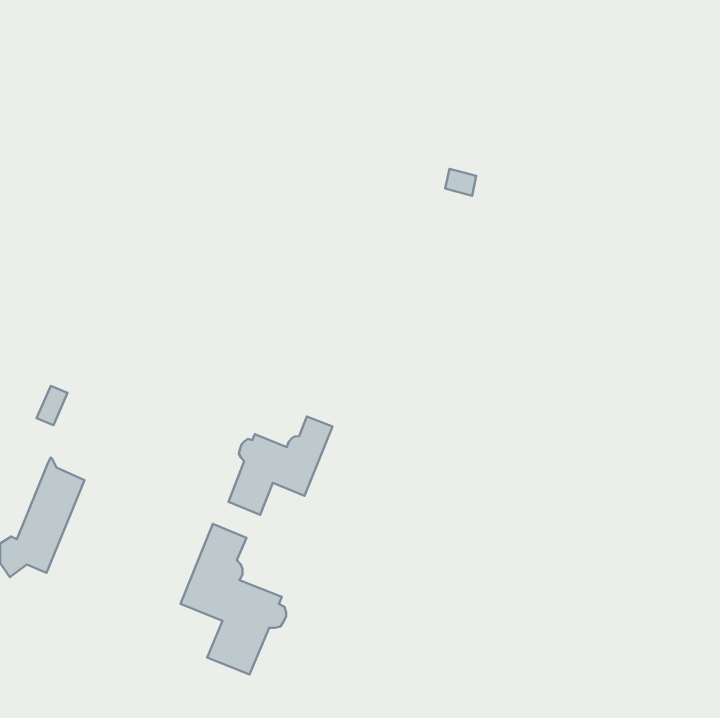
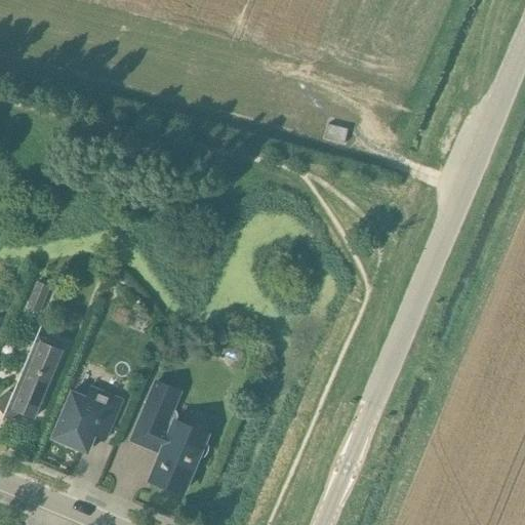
building: [228,416,333,515] -> none
building: none -> [52,387,121,452]

